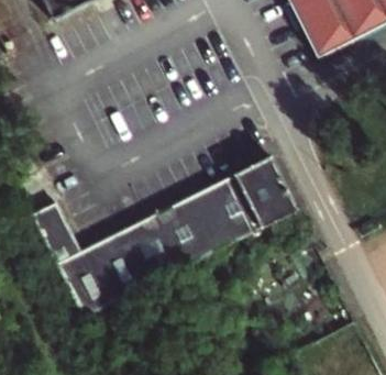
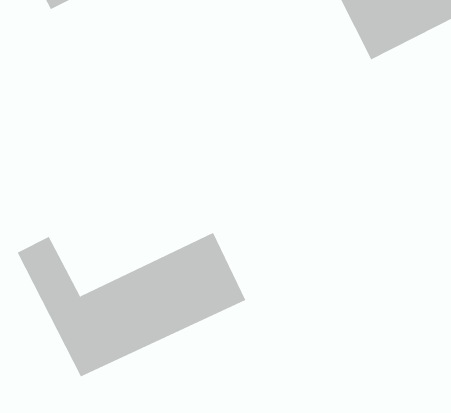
building: [190,155,298,247] -> none

